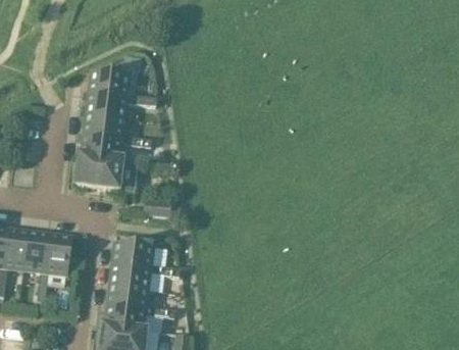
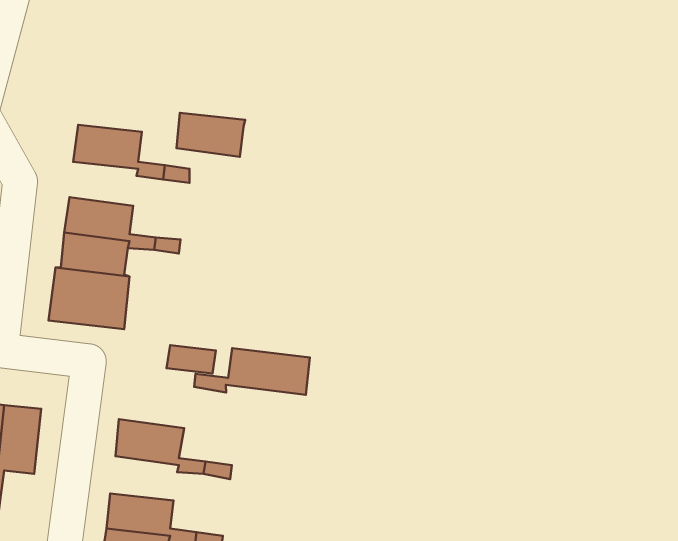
building: [86,95,125,120] -> [176,113,245,157]
building: none -> [194,348,310,395]
building: [109,265,149,291] -> none

